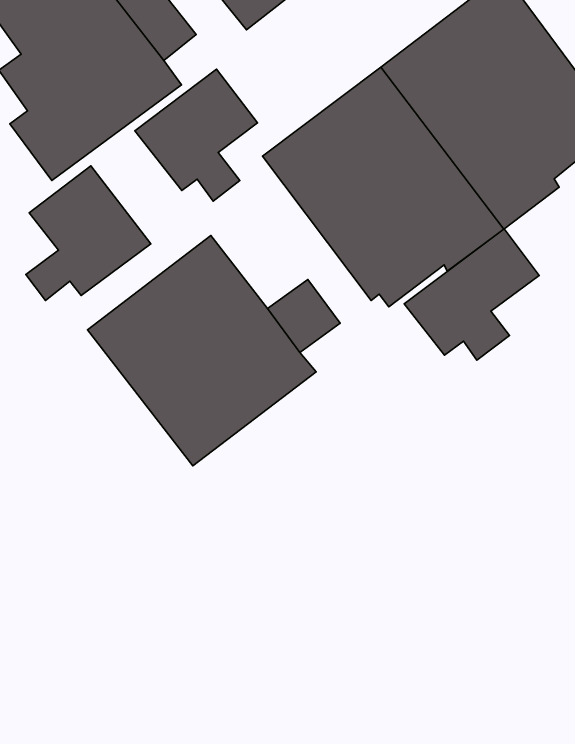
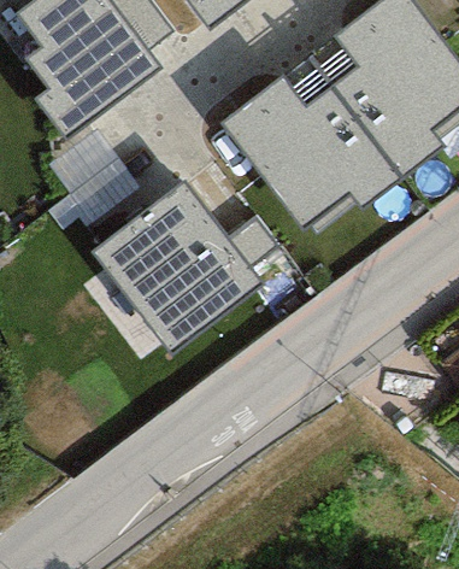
building: [135,69,258,201] -> none
building: [404,229,539,360] -> none

